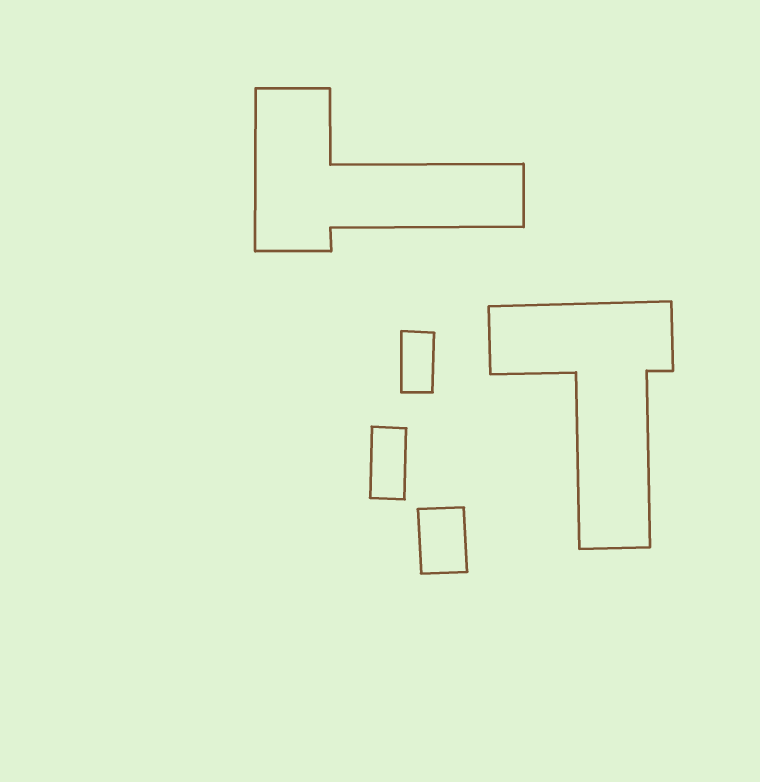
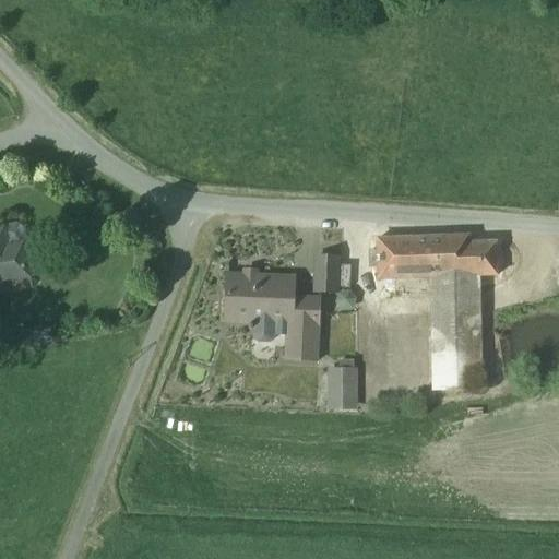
building: [255,88,524,251] -> none
building: none -> [225,270,294,330]

